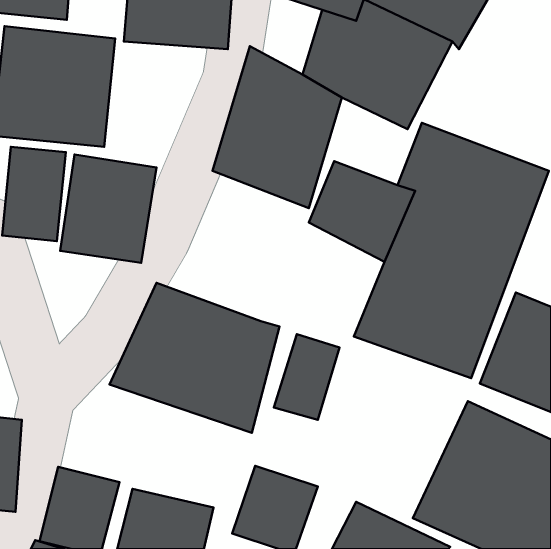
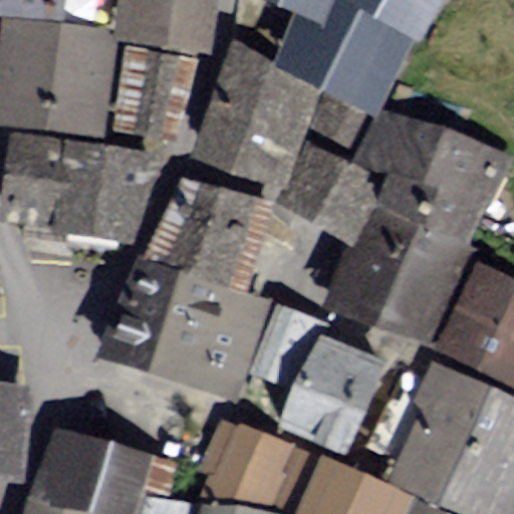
building: none -> [104,46,191,139]
building: none -> [144,179,262,294]
building: none -> [282,342,386,452]

